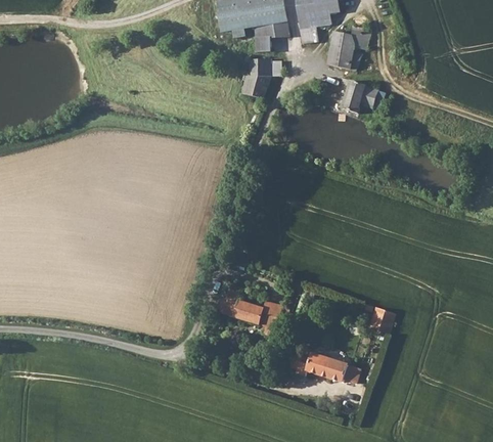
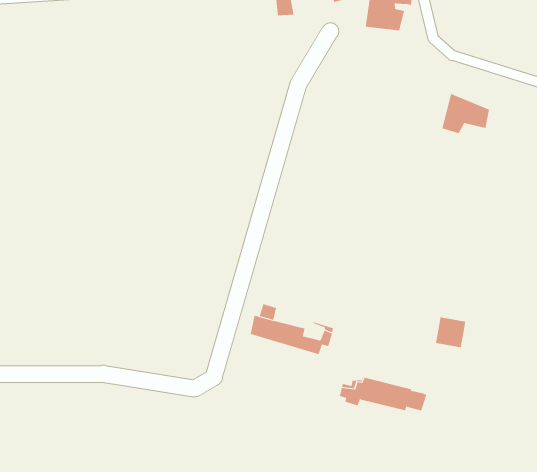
building: [243,58,272,97] -> none
building: [344,79,385,113] -> [441,93,490,134]

